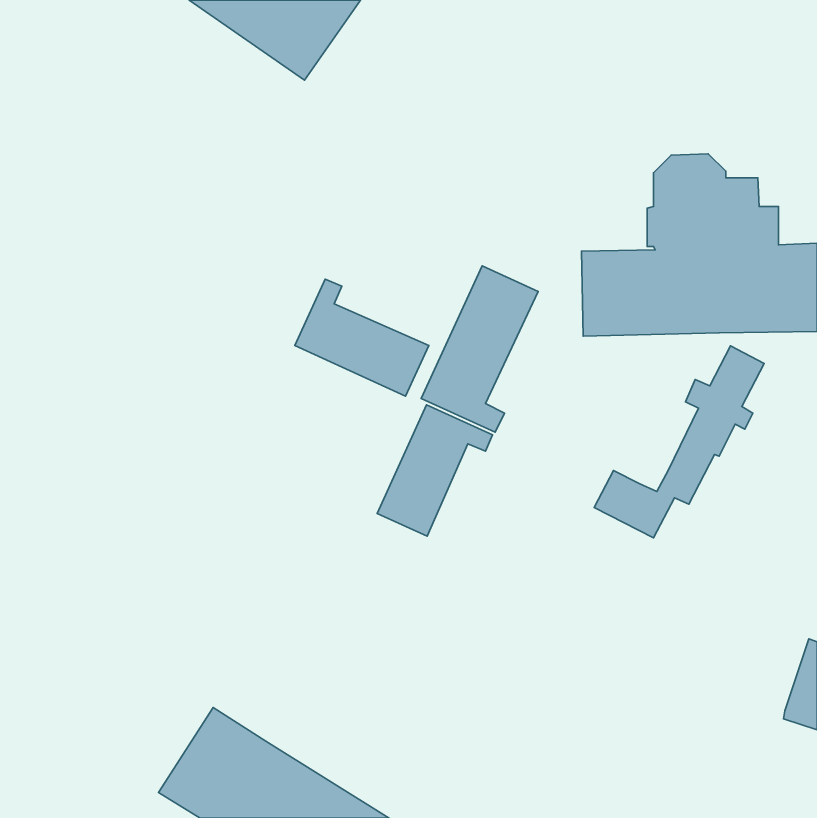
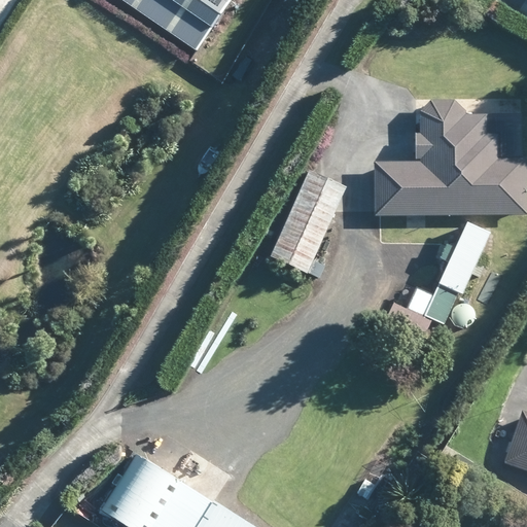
building: [295,279,429,396] -> none
building: [377,405,492,536] -> none

